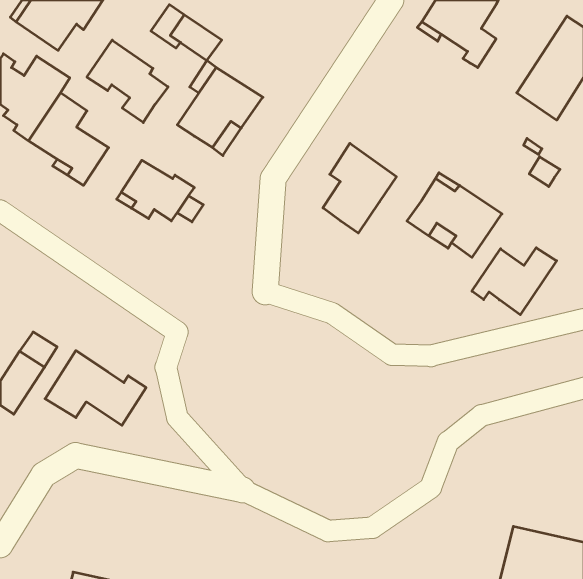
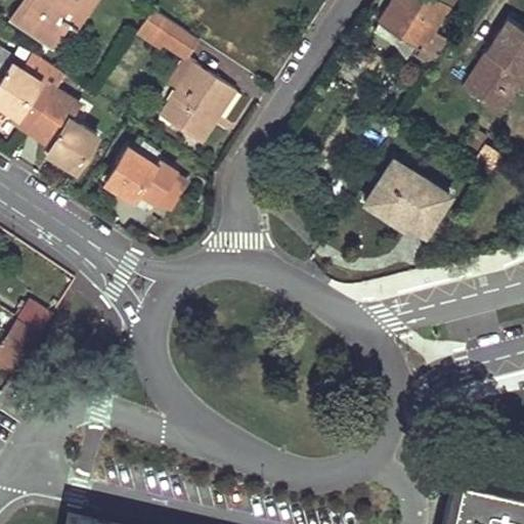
building: [87,40,168,123] -> none
building: [323,143,396,233] -> none
building: [472,248,557,315] -> none
building: [45,351,146,425] -> none

